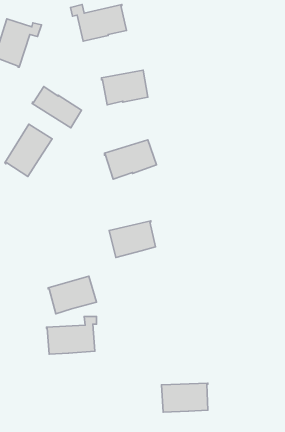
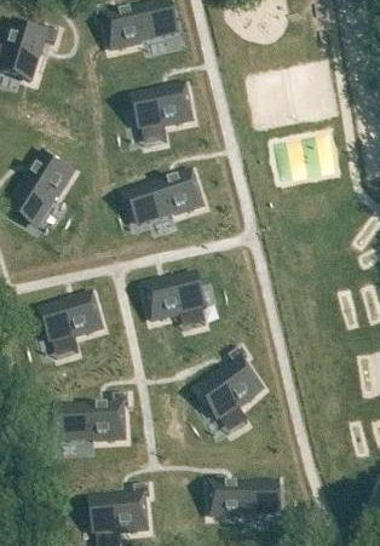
building: [32,86,82,128] -> none
building: [48,276,96,314] -> [42,298,103,345]
building: none -> [198,349,261,418]
building: none -> [92,487,150,536]

